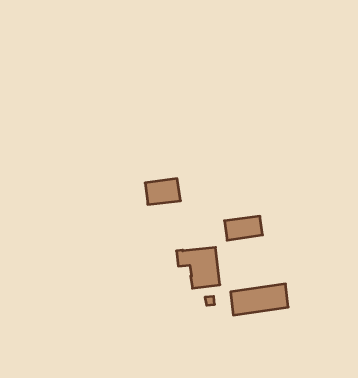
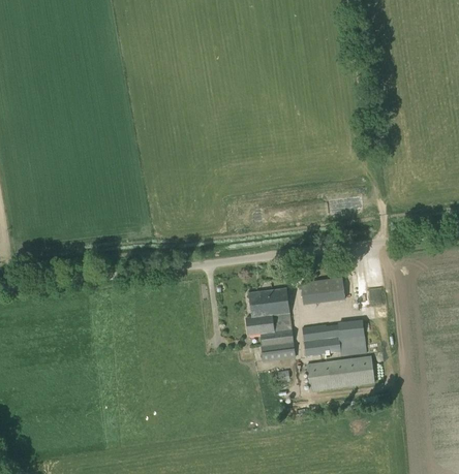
building: [145,179,181,204] -> [248,287,289,317]
building: none -> [301,319,366,356]

